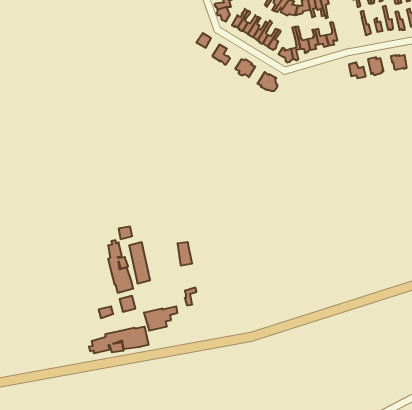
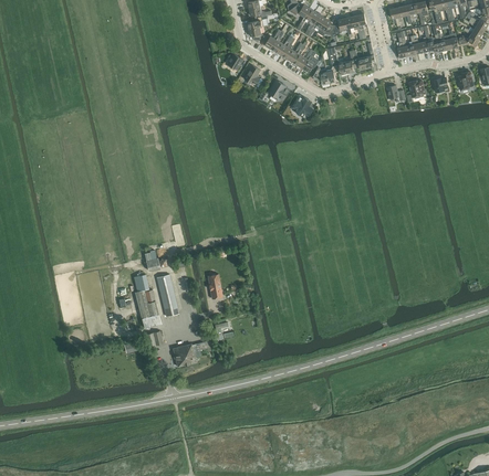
building: [89,327,148,353] -> none

